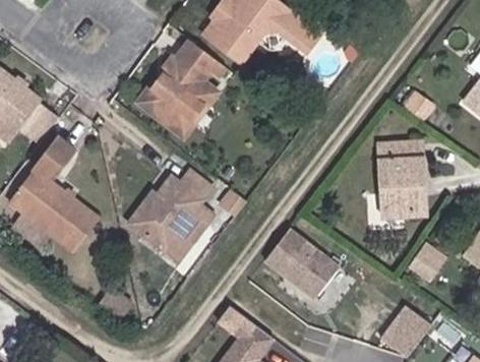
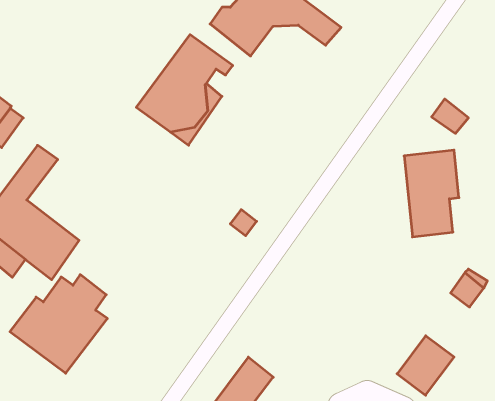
building: [135,174,219,258] -> [10,275,107,373]
building: [258,221,333,290] -> none

